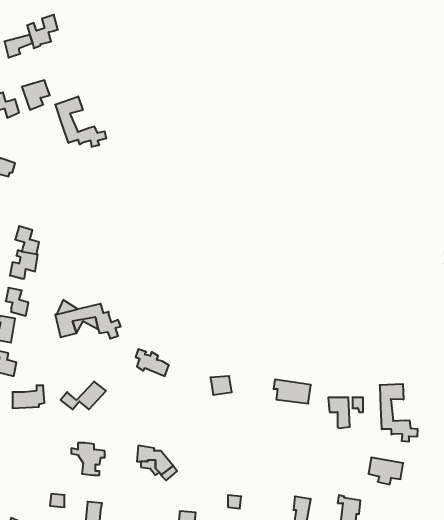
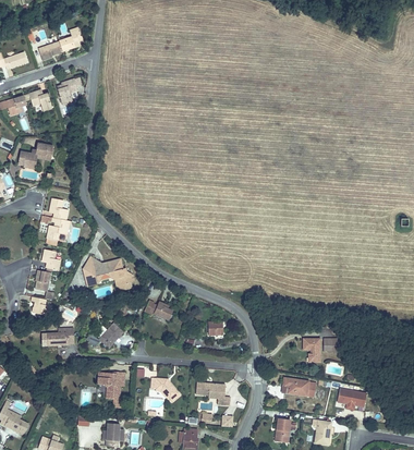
building: [55,96,106,147] -> none
building: [273,380,311,404] -> [287,377,317,397]
building: [380,384,417,442] -> none
building: none -> [195,382,230,406]

